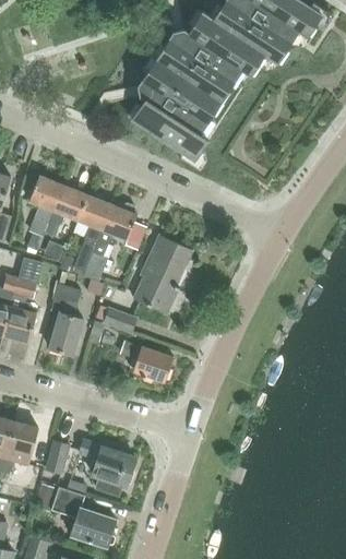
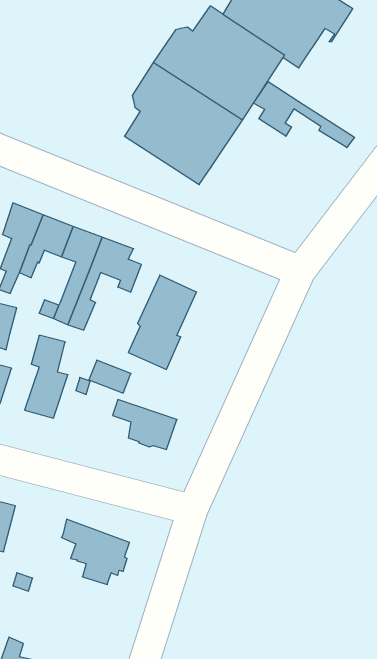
building: none -> [254,81,355,148]
building: [44,440,70,475] -> none
building: [50,486,115,547] -> none

